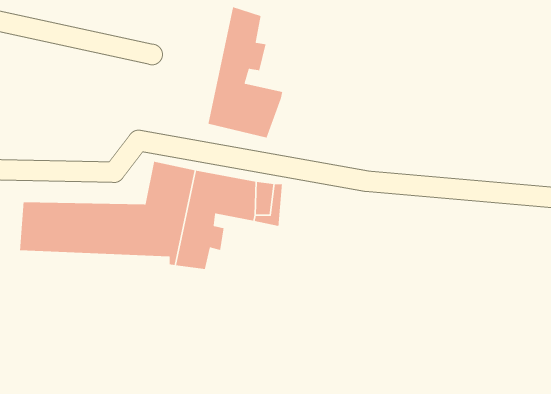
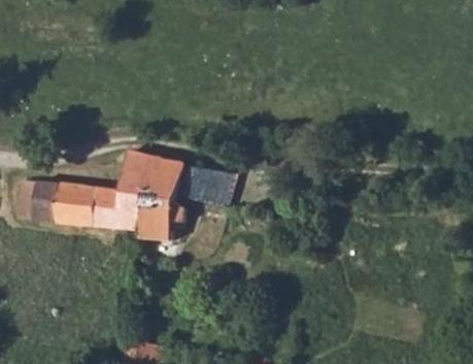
building: [208,6,283,138] -> none

